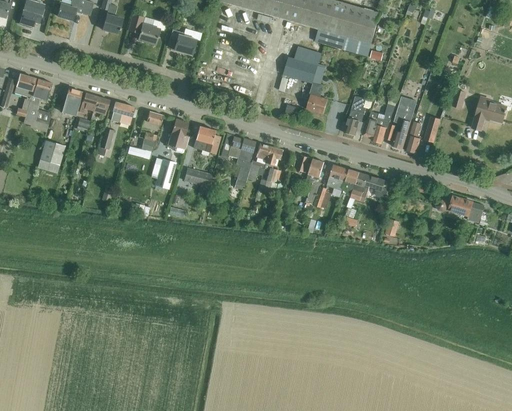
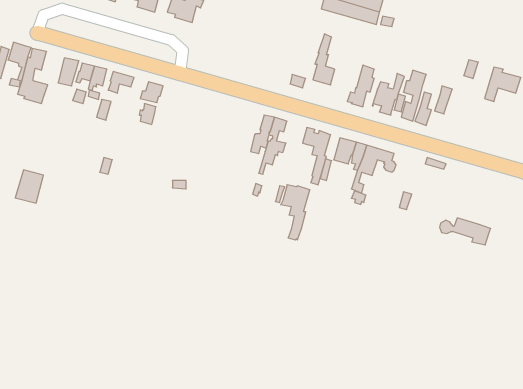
building: [283,46,321,83] -> none
building: [168,118,189,153] -> none
building: [193,126,220,154] -> none
building: [227,136,255,189] -> [281,185,310,240]
building: [37,140,64,172] -> [15,170,43,203]
building: [155,159,176,189] -> none
building: [183,168,211,194] -> none
building: [436,196,485,222] -> [440,218,491,245]

